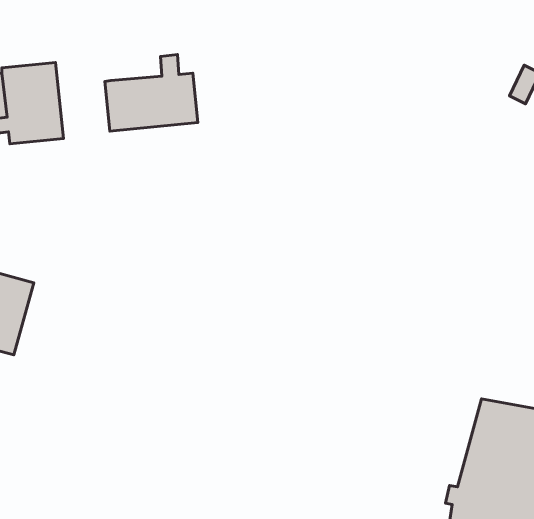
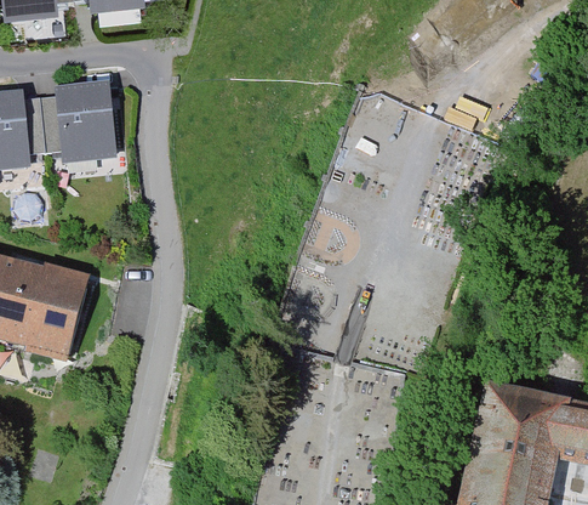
building: [105,55,198,131] -> none

